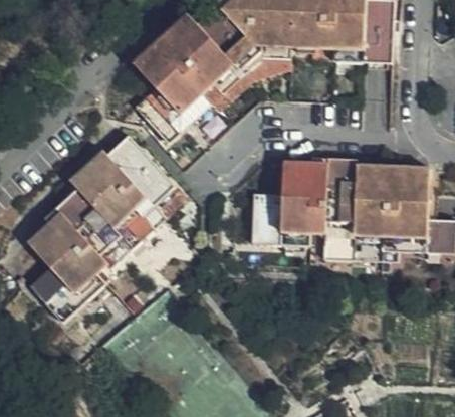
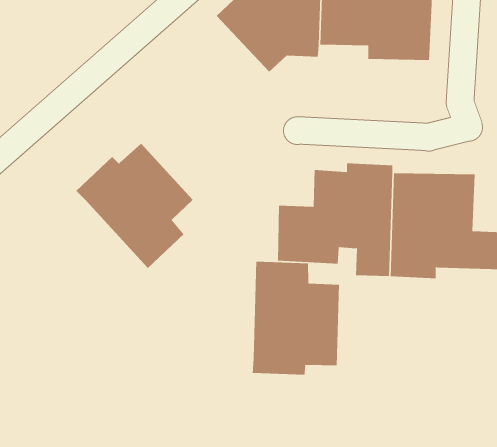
building: [133,14,244,145] -> none
building: [29,190,135,327] -> none
building: none -> [252,261,339,376]

